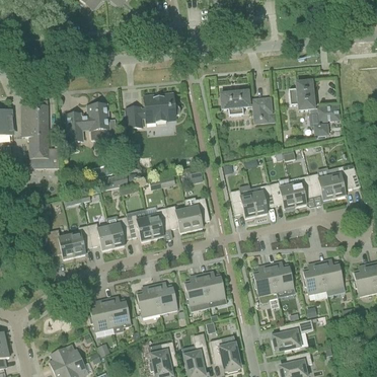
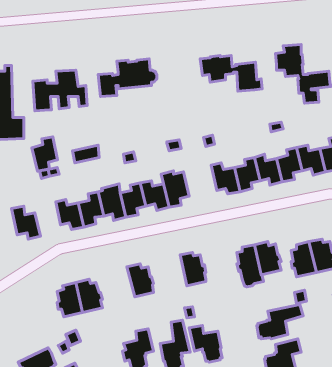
building: [69,225,92,256] -> [32,137,57,171]
building: [184,274,208,306] -> none
building: [137,285,160,316] -> none
building: [50,345,81,372] -> none

